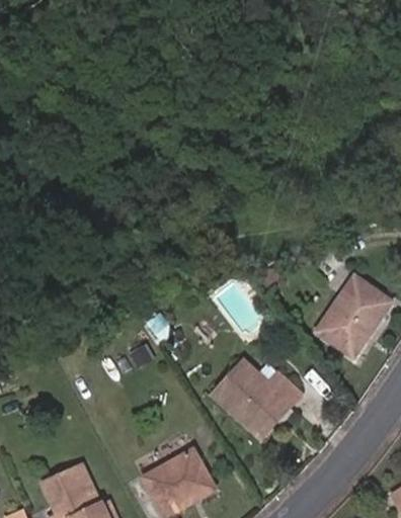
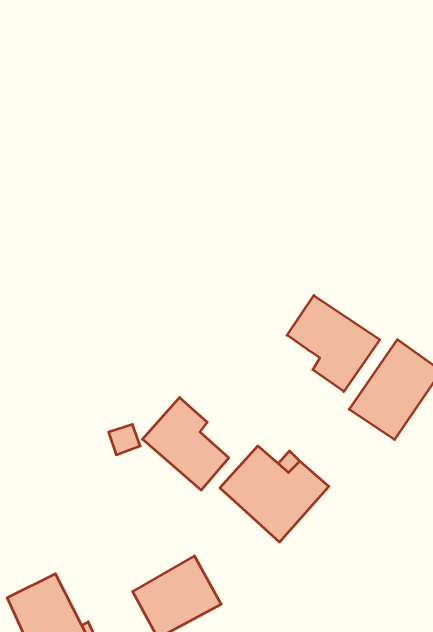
building: none -> [287,295,380,392]
building: none -> [142,397,229,490]

